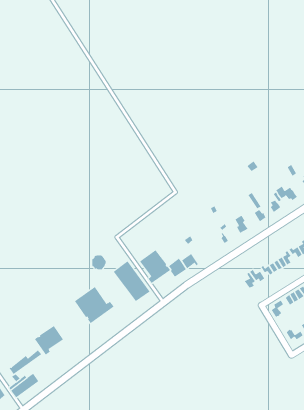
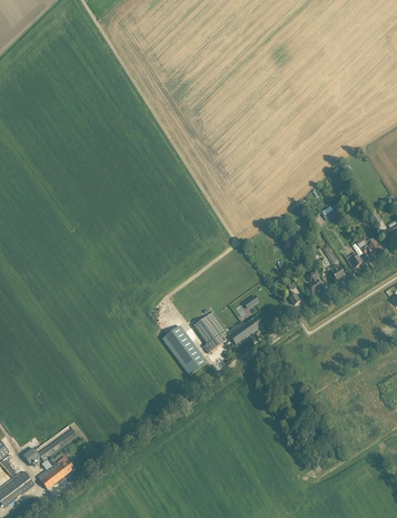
building: [74,286,114,324] -> none
building: [34,325,64,356] -> none

